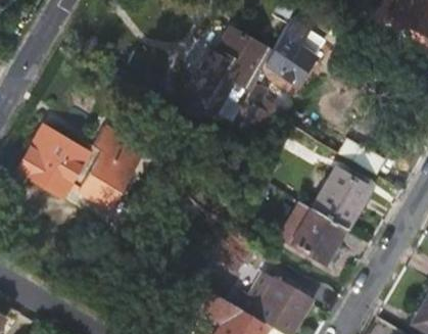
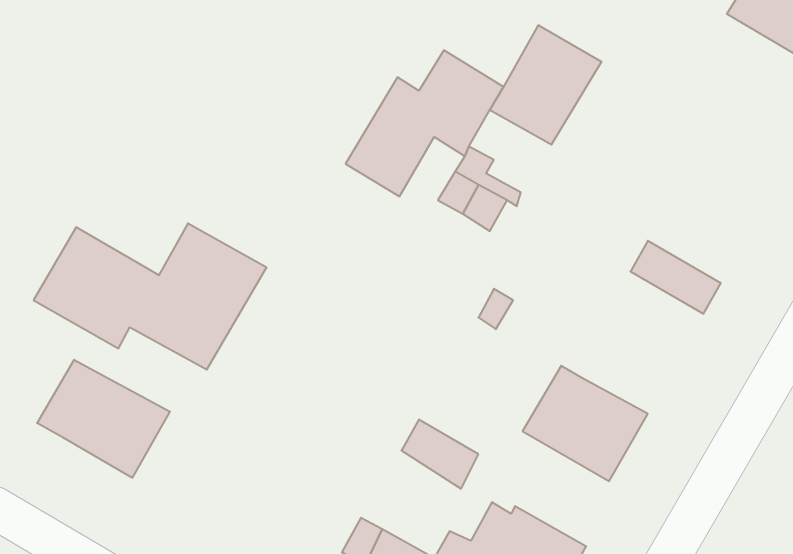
building: [314,169,372,229] -> none
building: none -> [37,360,170,478]

